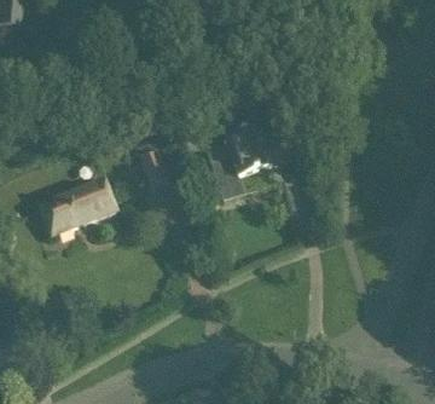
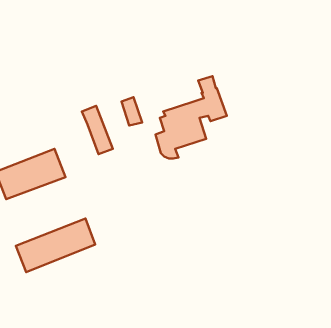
building: none -> [16,219,95,272]

